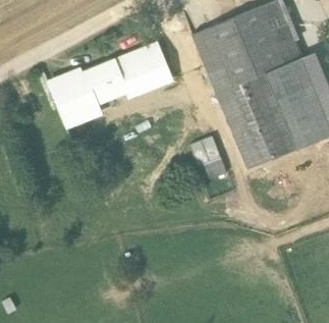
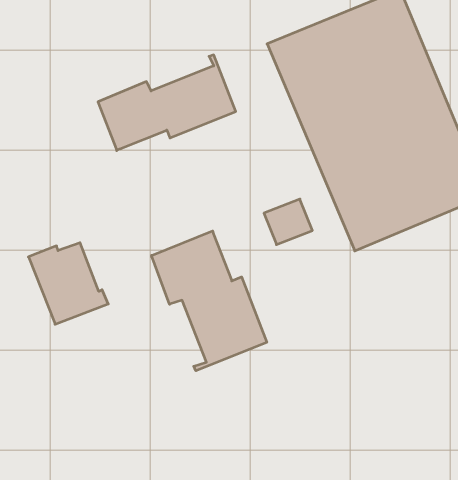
building: [48,72,100,125] -> [28,243,108,324]
building: none -> [152,231,267,371]

